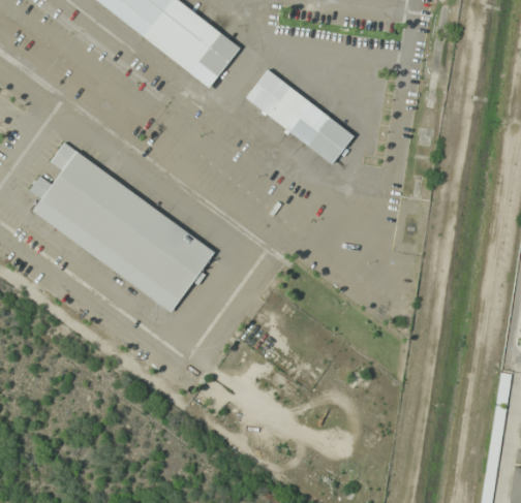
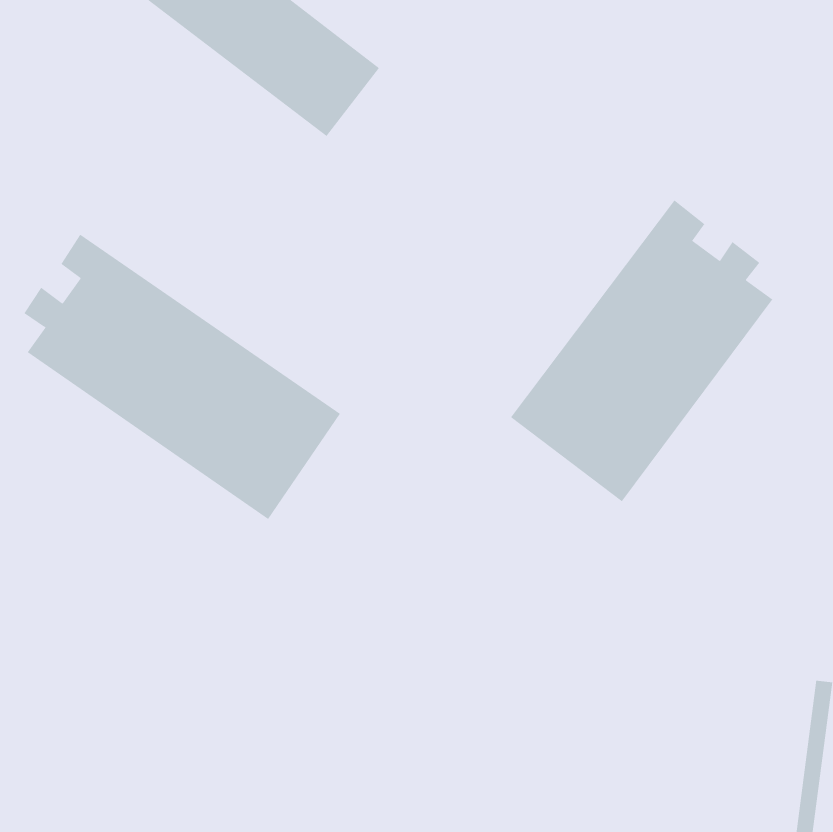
building: [245,68,355,164] -> none
building: none -> [510,200,773,502]

